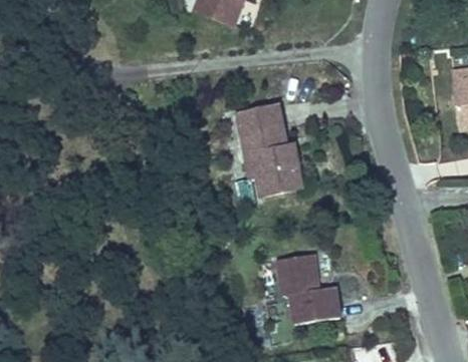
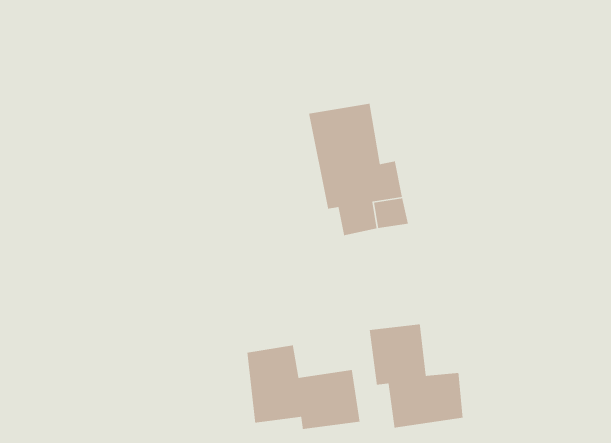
building: none -> [246,344,360,430]

